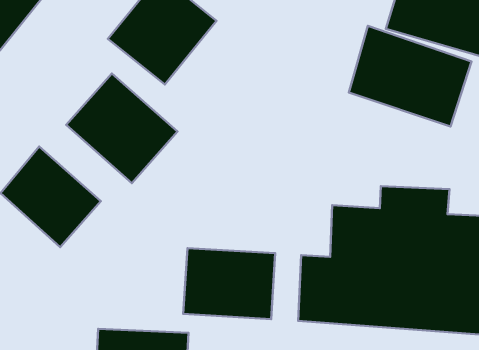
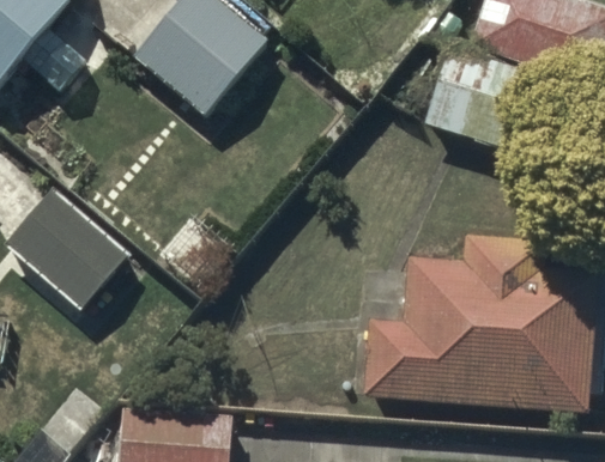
building: [66,73,178,183] -> none
building: [183,248,275,319] -> none

